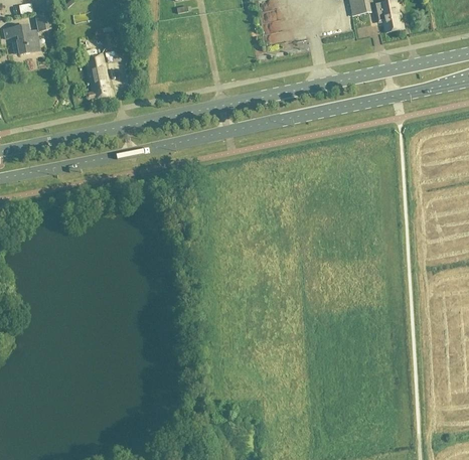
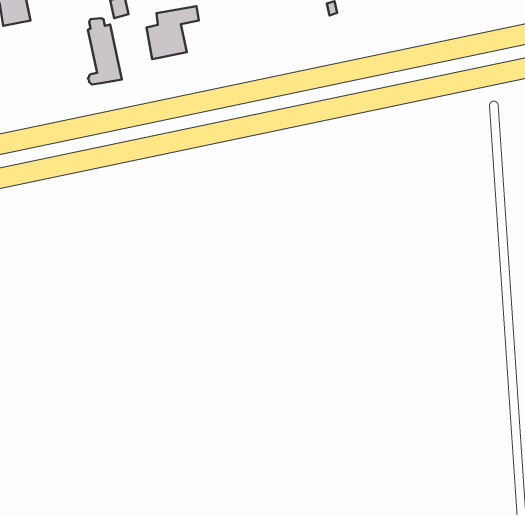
building: none -> [146,6,199,59]

